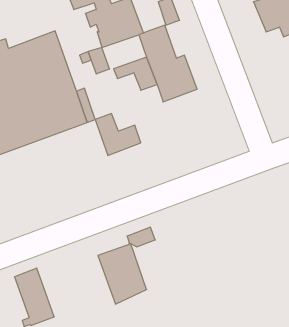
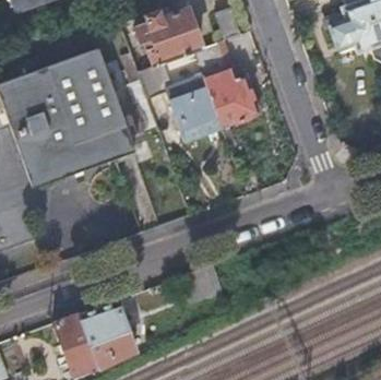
building: [95,114,141,155] -> [171,93,223,140]
building: [98,244,147,304] -> [81,299,135,367]

